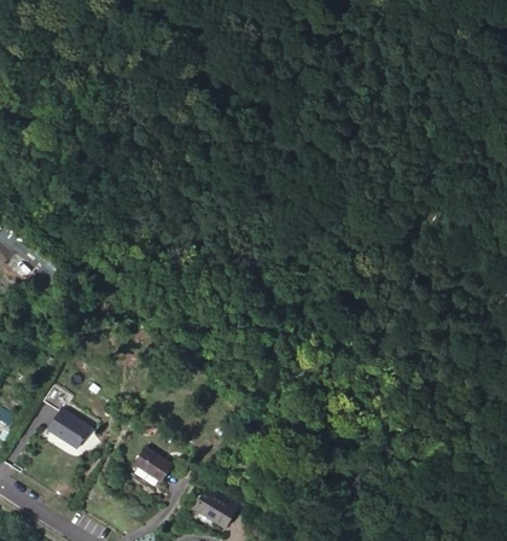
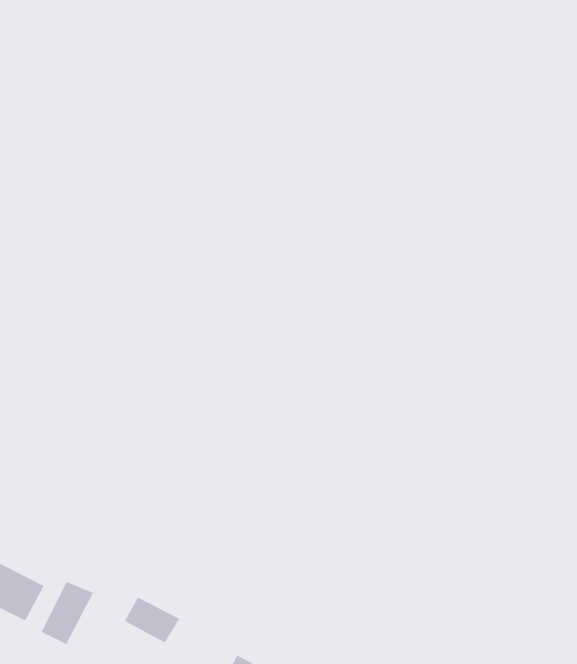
building: none -> [41,581,94,645]

